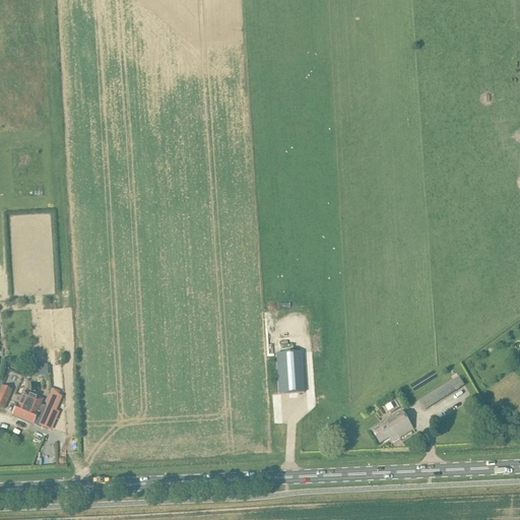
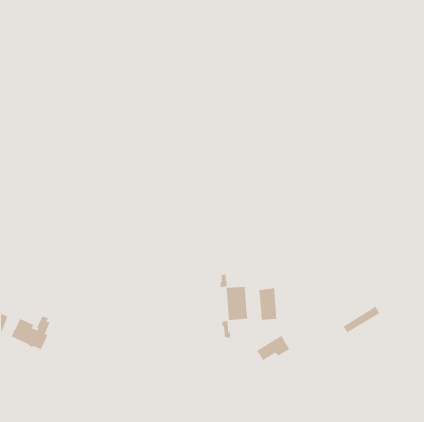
building: none -> [259,288,277,321]
building: [372,409,413,441] -> [256,335,290,361]

